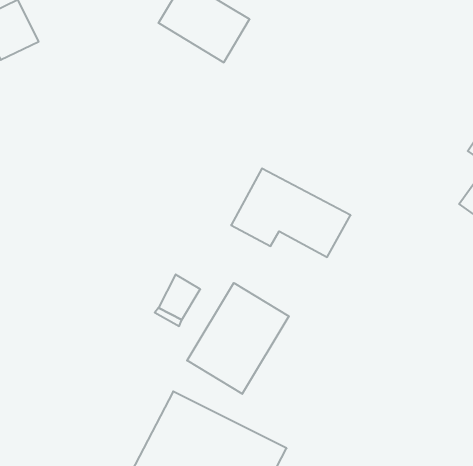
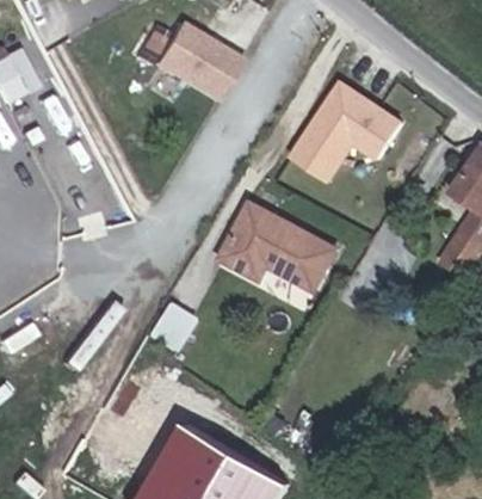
building: none -> [290,80,400,179]
building: [187,283,289,394] -> none

